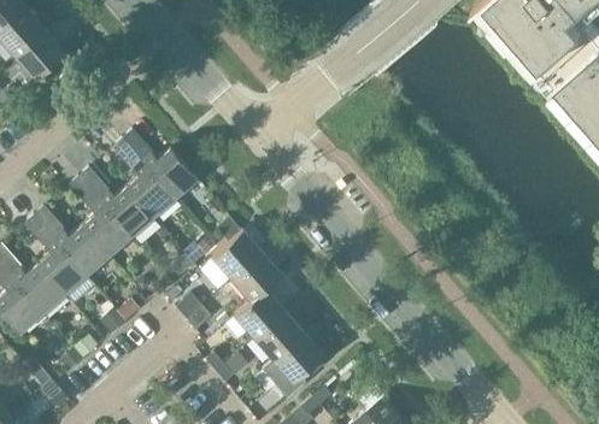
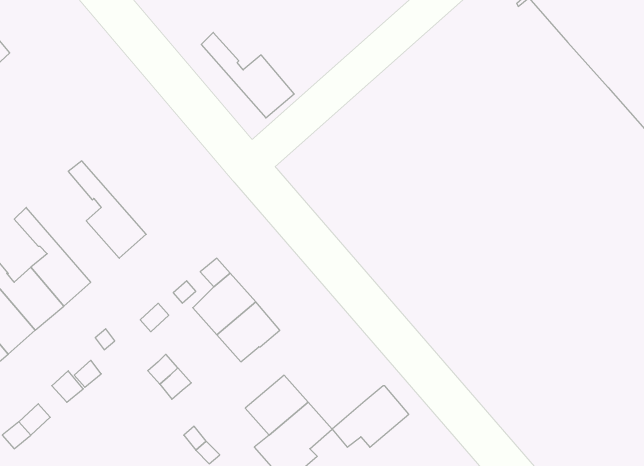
building: [123,130,198,199] -> [201,32,294,118]
building: [78,169,153,237] -> none
building: [224,289,286,338] -> [332,386,409,447]

